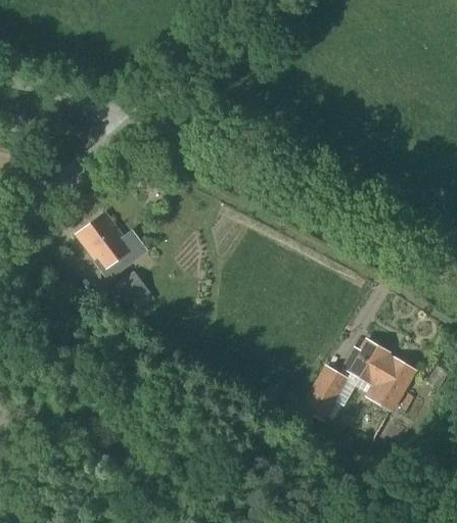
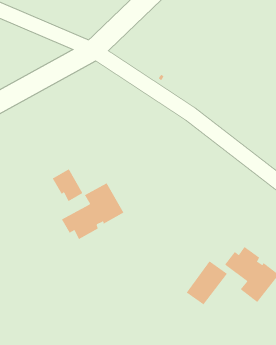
building: [76,211,133,270] -> none
building: none -> [61,182,124,240]

